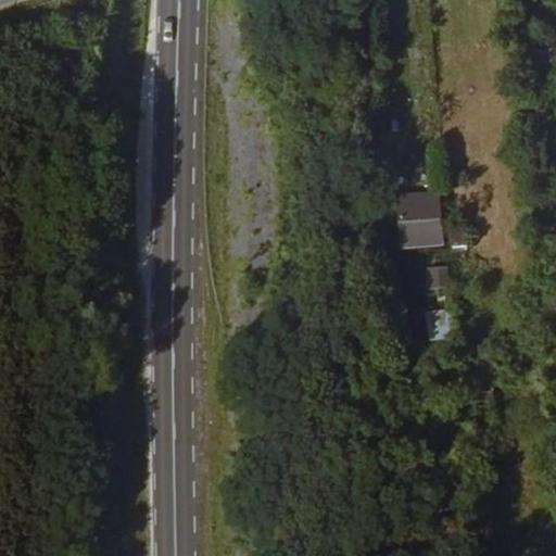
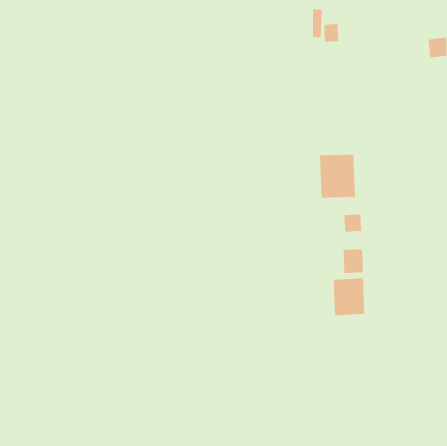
building: none -> [333,277,365,316]

